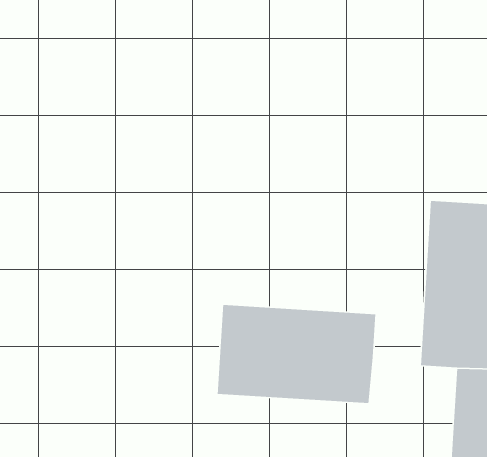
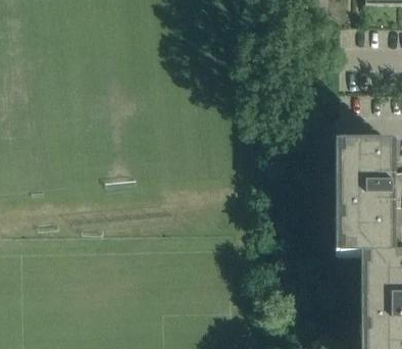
building: [217,304,376,404] -> none

